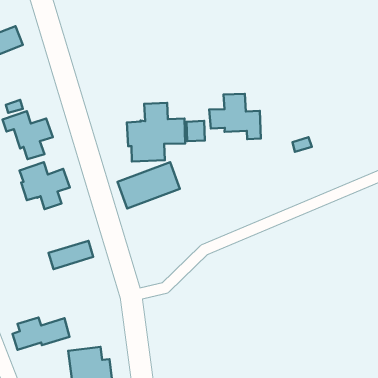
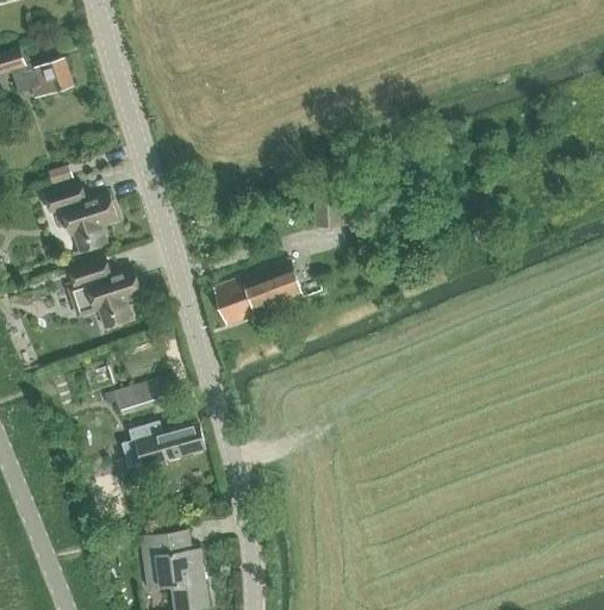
building: [209,94,261,139] -> none
building: [127,103,185,161] -> none
building: [13,317,69,350] -> [120,421,204,468]

